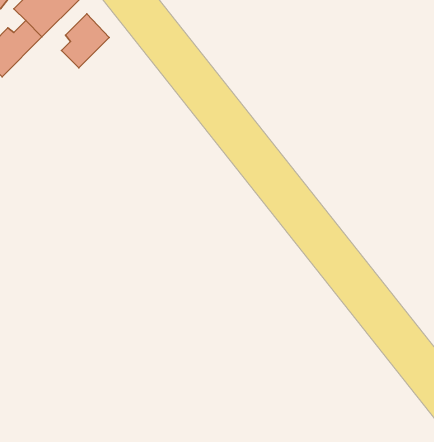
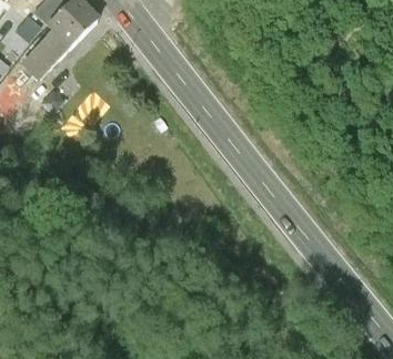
building: [61,14,109,68] -> none

